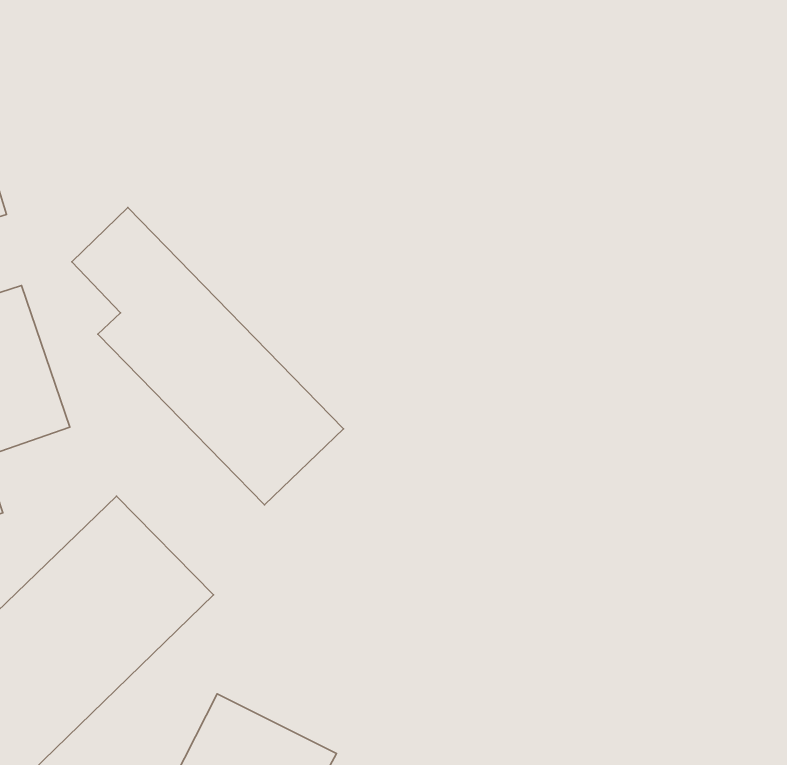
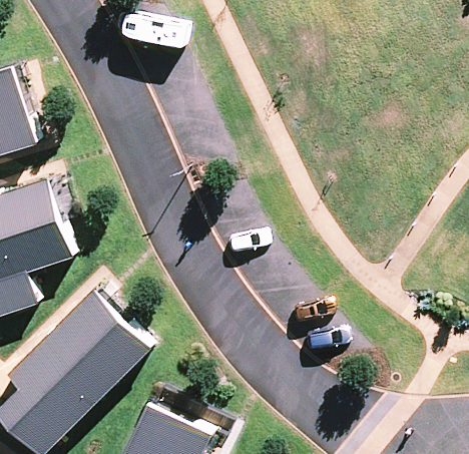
building: [72,207,343,505] -> none

